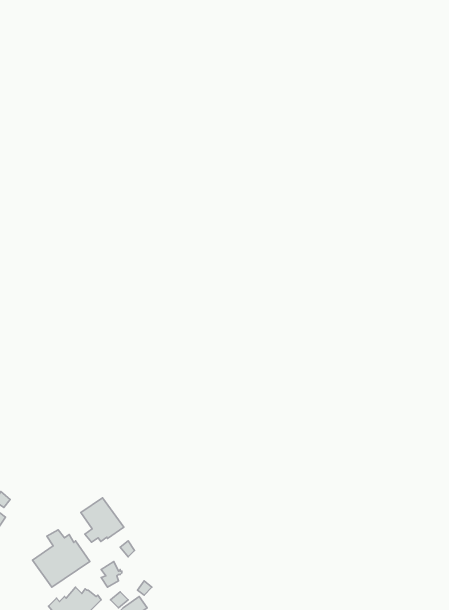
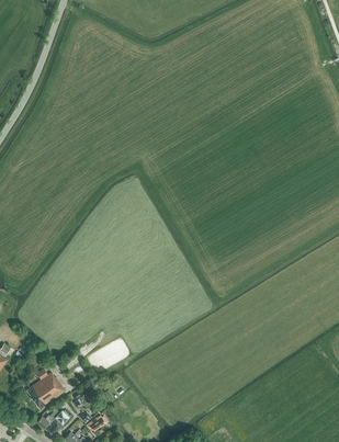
building: [81,498,124,542] -> none

